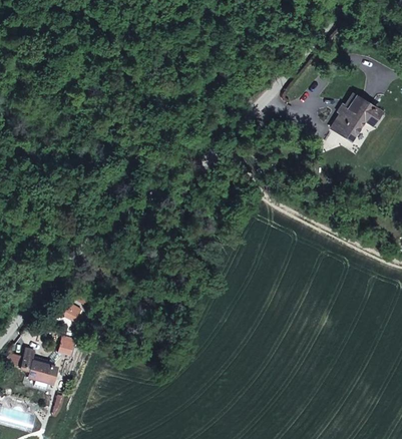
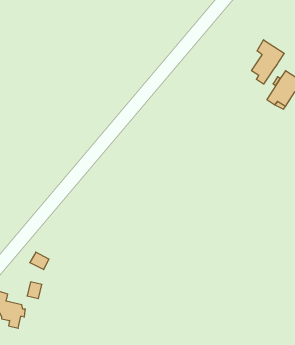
building: none -> [252,40,284,84]

